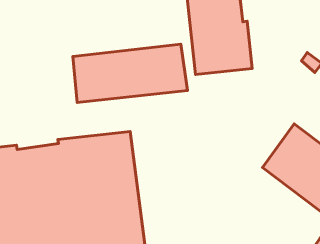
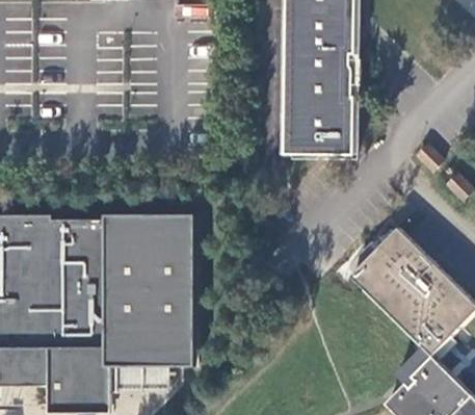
building: [73,44,187,103] -> none

